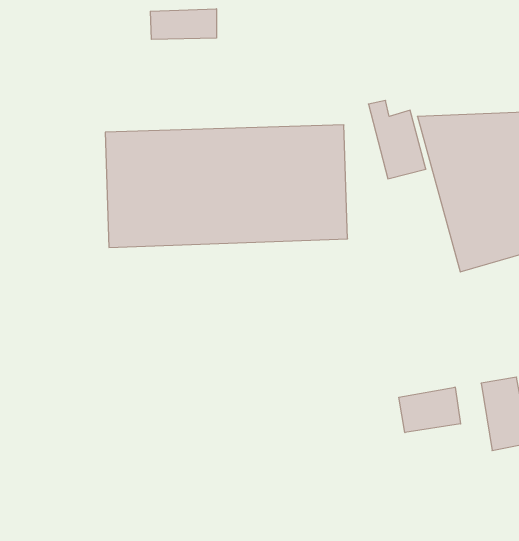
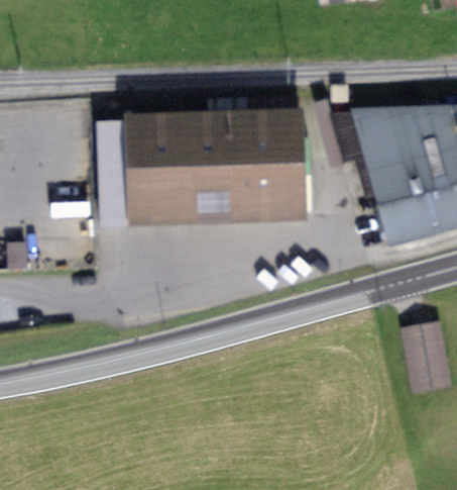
building: [150,9,216,39] -> none
building: [399,387,461,433] -> none

